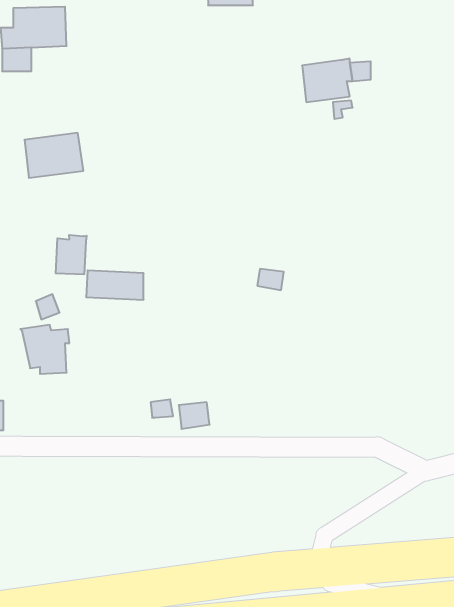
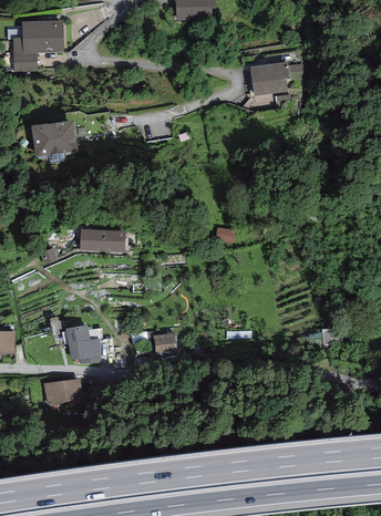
building: [56,235,87,274] -> none
building: [20,325,69,374] -> [64,324,103,363]
building: none -> [43,378,83,406]

